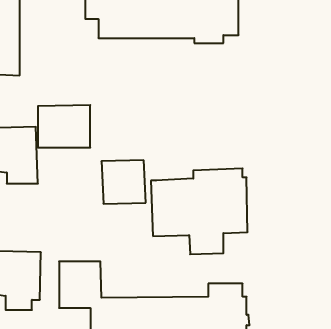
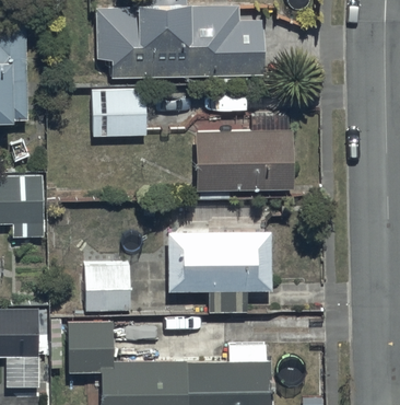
building: none -> [195,115,293,189]
building: [38,105,90,148] -> [91,89,148,135]
building: [101,160,146,204] -> [84,264,132,311]

